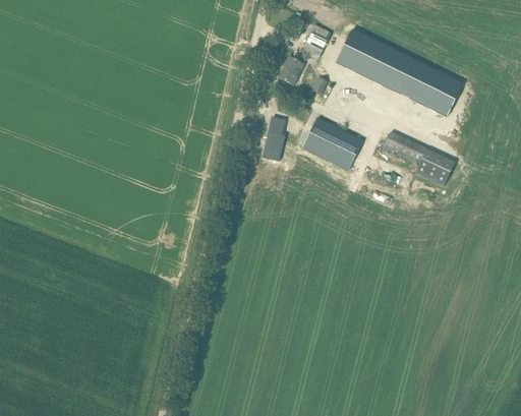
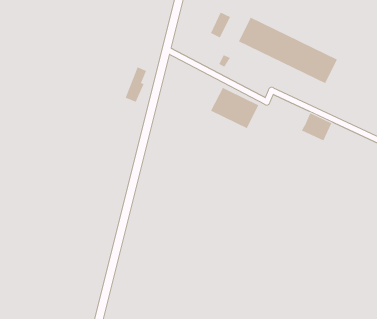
building: [279,51,310,84] -> none
building: [260,116,288,161] -> [125,67,147,103]
building: [384,132,426,163] -> none

